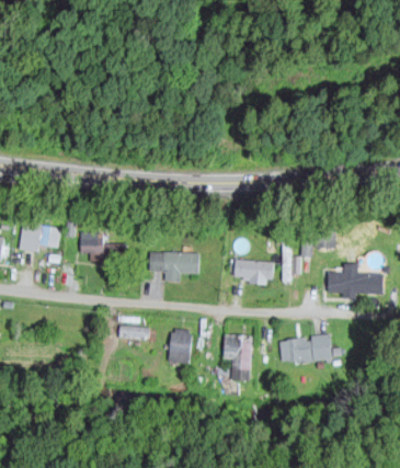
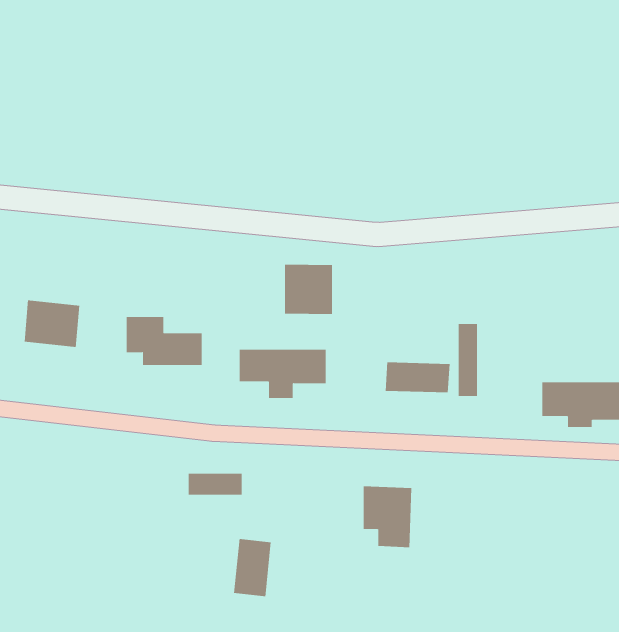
building: none -> [285,264,332,315]
building: [170,329,193,364] -> [233,538,272,597]
building: [279,335,332,363] -> none

